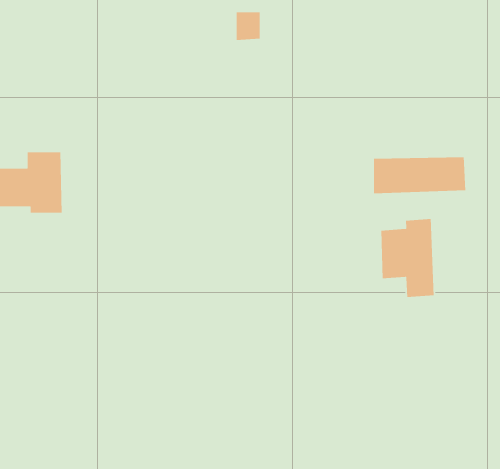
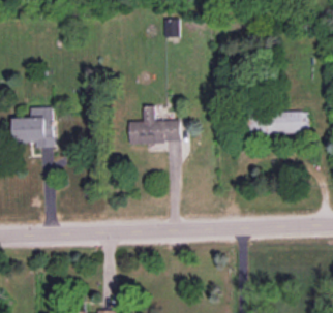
building: none -> [127,105,180,144]
building: [380,218,434,298] -> none

